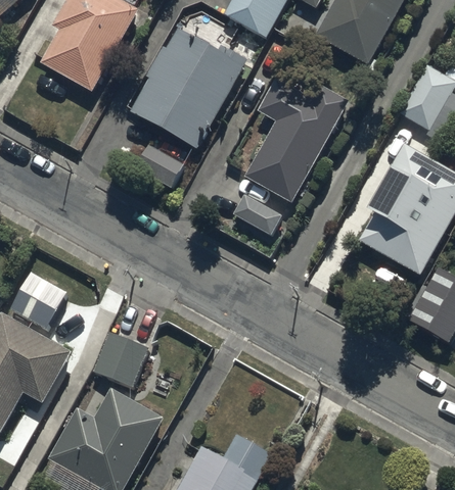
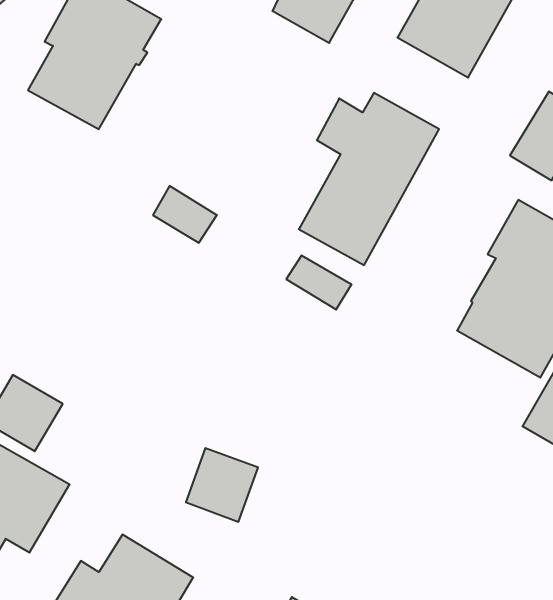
building: [128,22,246,144] -> none
building: [94,337,147,391] -> [186,448,258,522]

